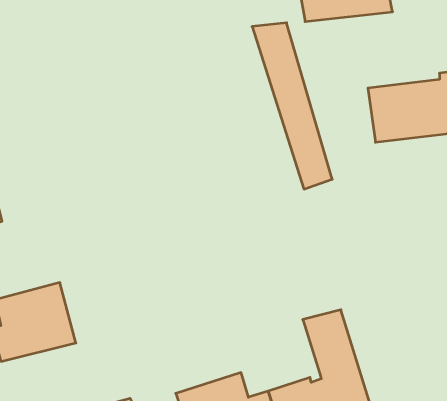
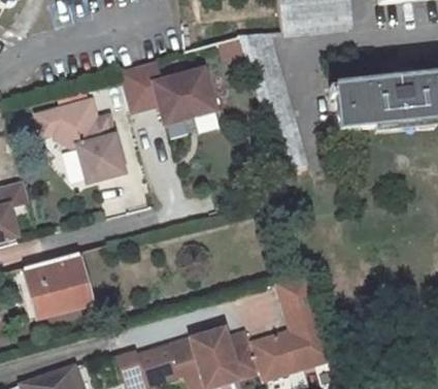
building: none -> [117,59,214,123]
building: none -> [38,97,124,181]

